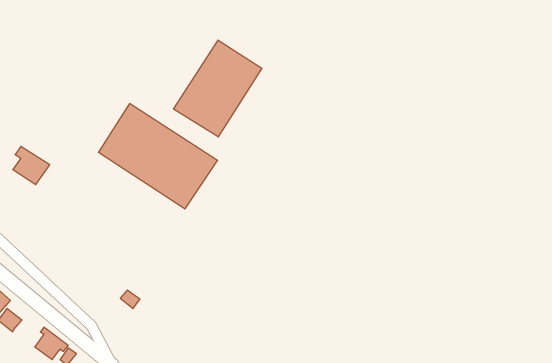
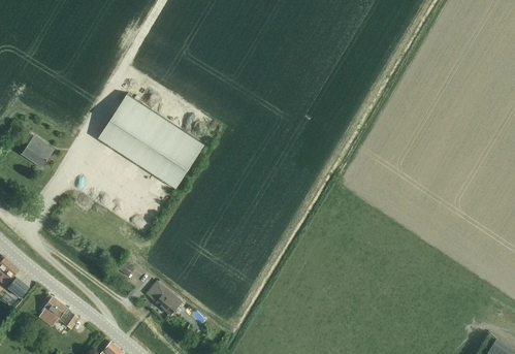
building: [174,40,262,137] -> none
building: none -> [147,282,182,315]

